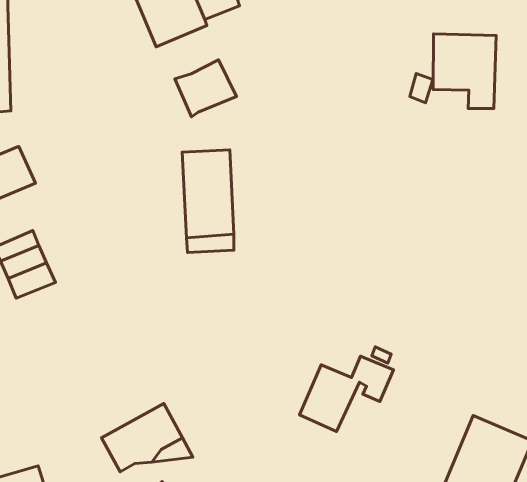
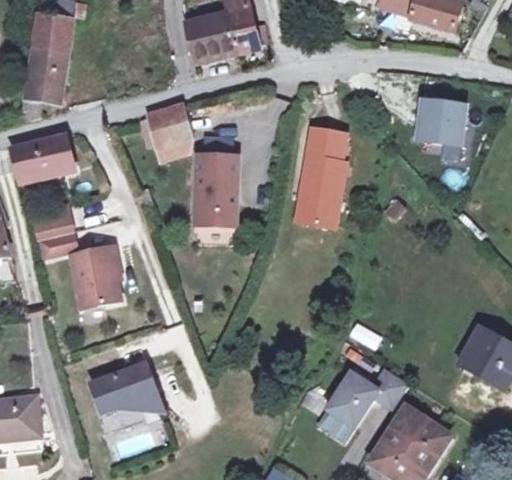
building: [175,60,236,117] -> [142,107,190,150]
building: none -> [303,133,346,228]
building: none -> [74,244,124,307]
building: [299,356,393,431] -> [325,369,407,427]

